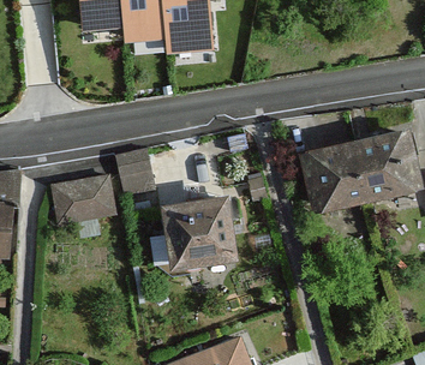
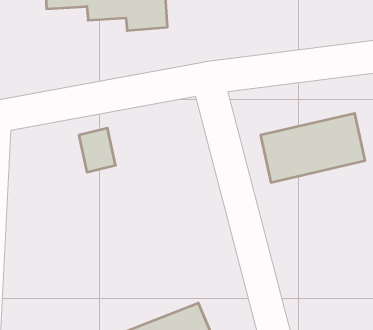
building: [52,176,114,238] -> none
building: [167,202,231,262] -> none

